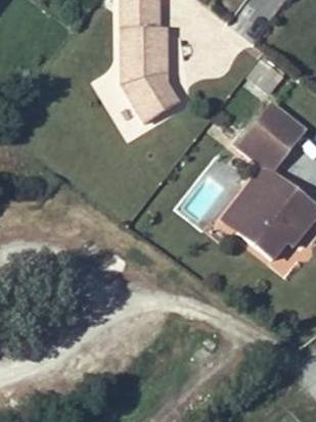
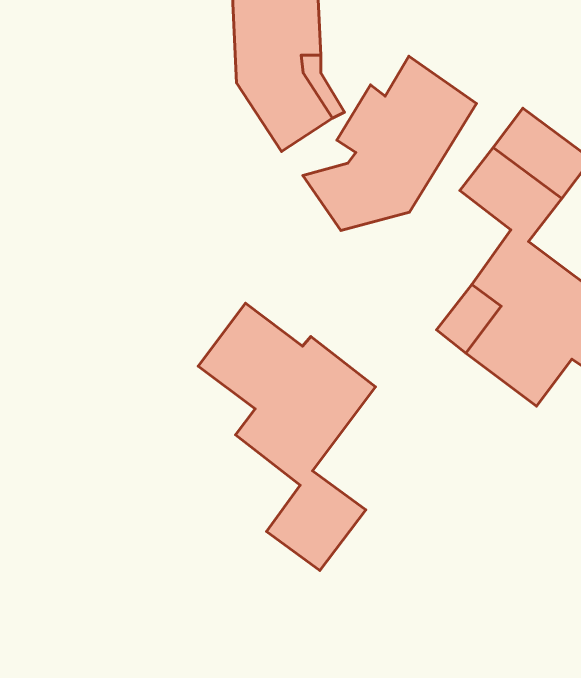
building: none -> [303,56,477,230]
building: none -> [198,303,376,571]

